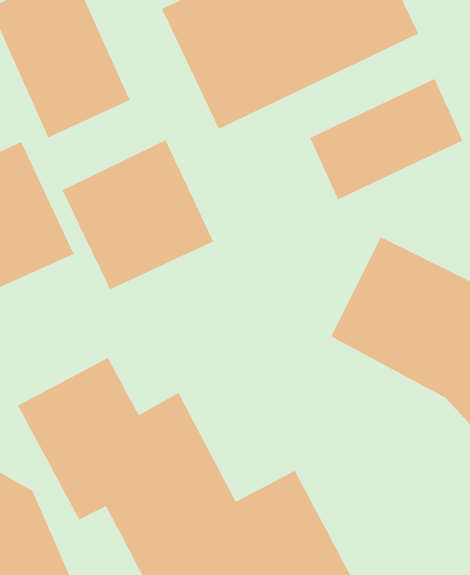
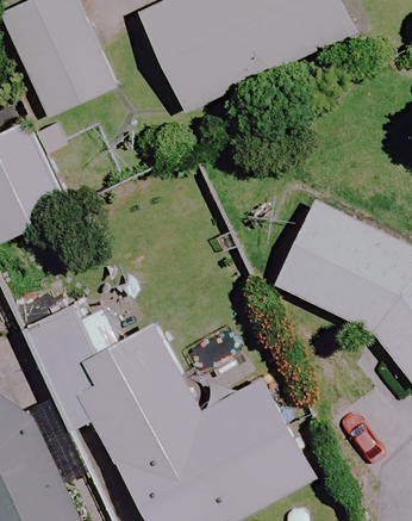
building: [309,78,463,200] -> none
building: [62,140,214,290] -> none

